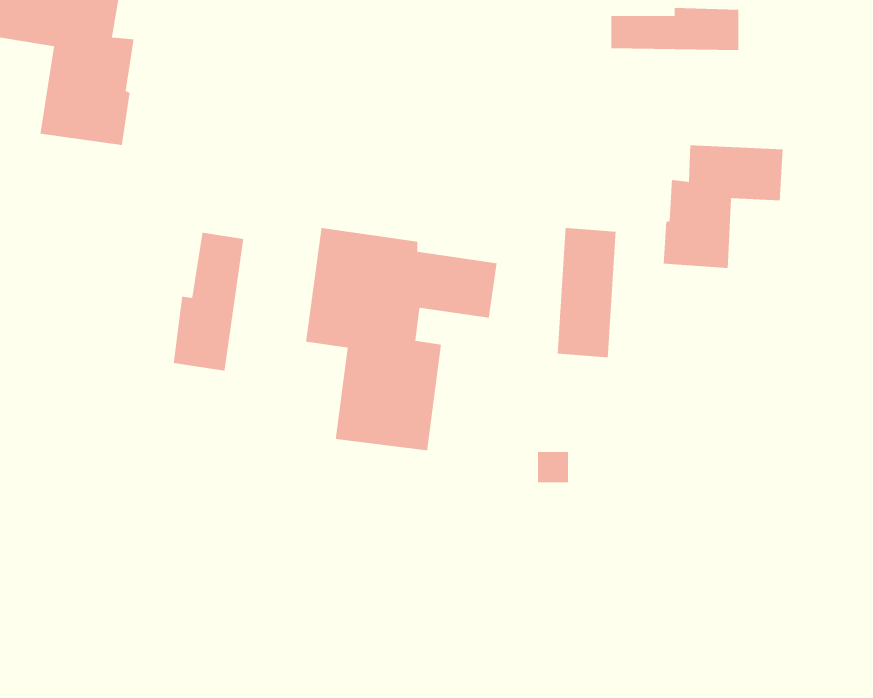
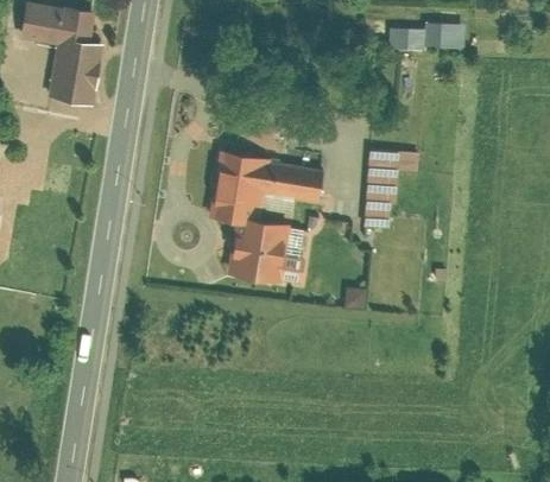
building: [663,145,784,269] -> none
building: [173,232,244,372] -> none

